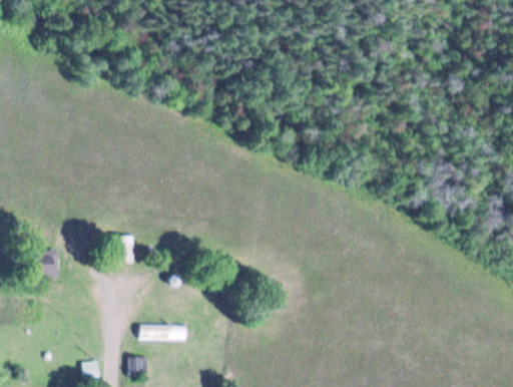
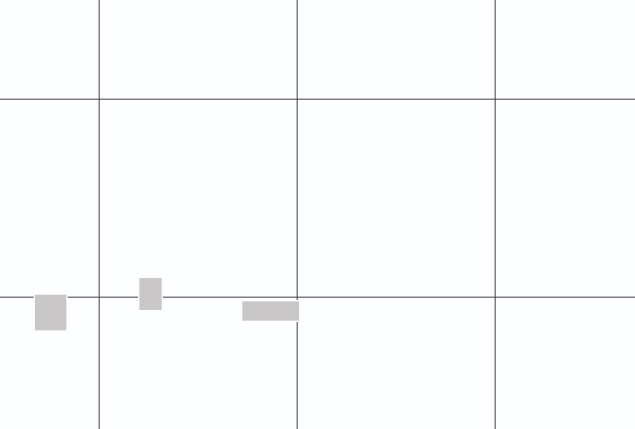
building: [139,324,185,340] -> [241,301,300,321]

